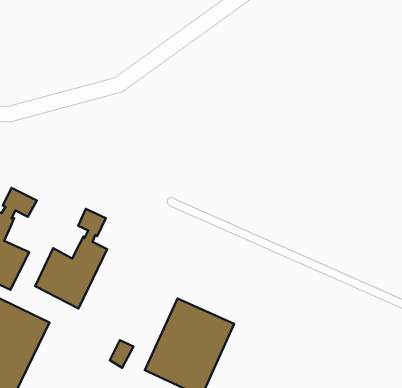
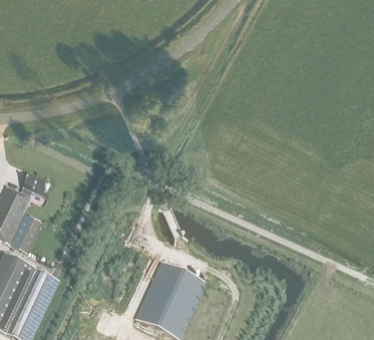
building: [35,209,107,309] -> none

